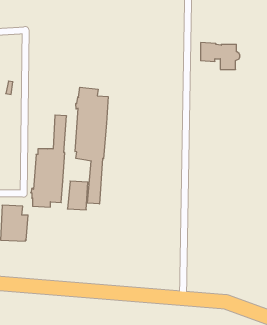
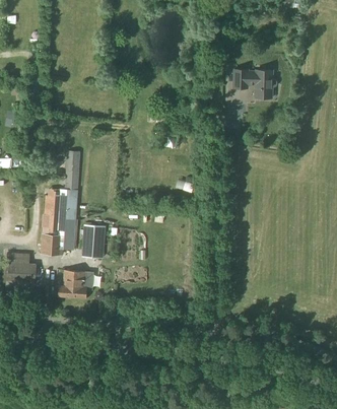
building: [75,87,108,204] -> none
building: none -> [59,270,86,297]

